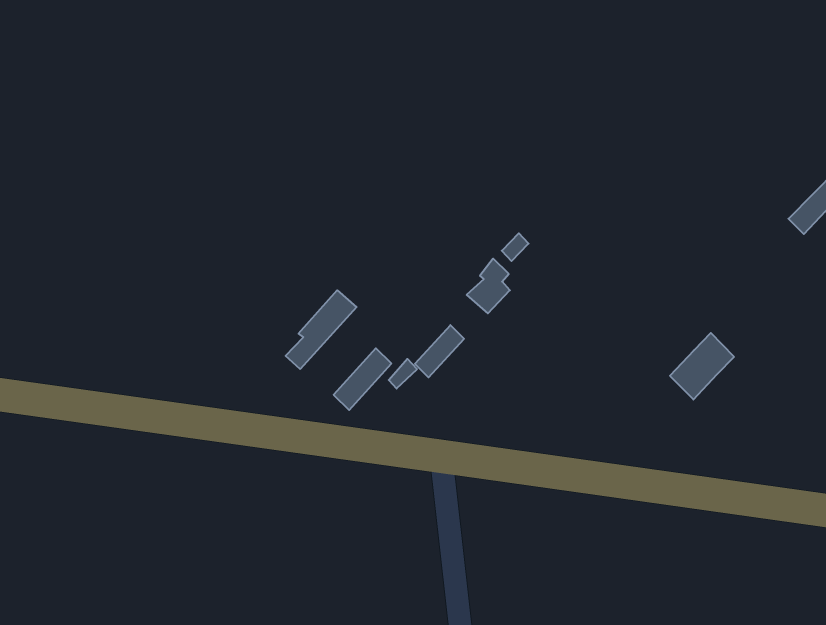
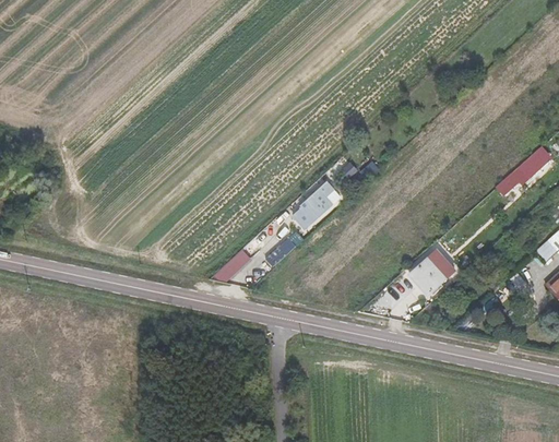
building: [286,290,357,369] -> none

